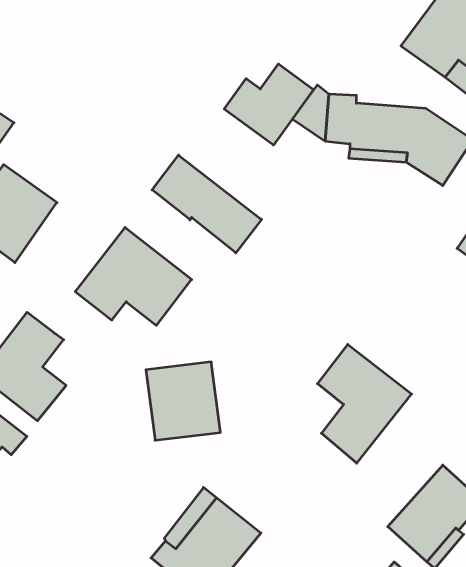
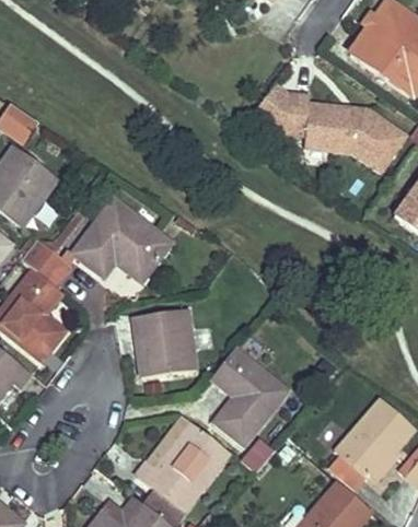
building: [224,64,313,145] -> none
building: [152,155,262,253] -> none
building: none -> [23,212,83,288]
building: [317,344,412,463] -> [210,348,289,447]

